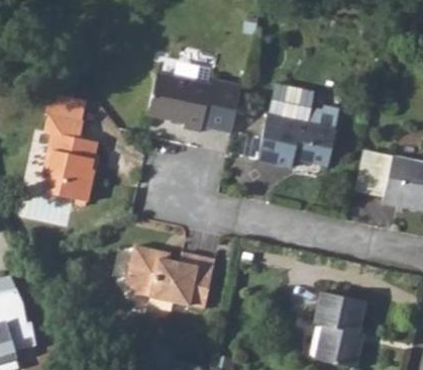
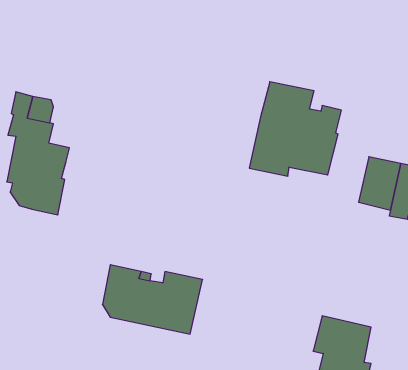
building: [148,73,243,133] -> none

